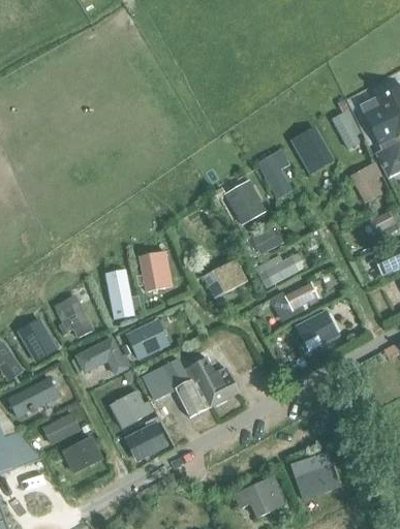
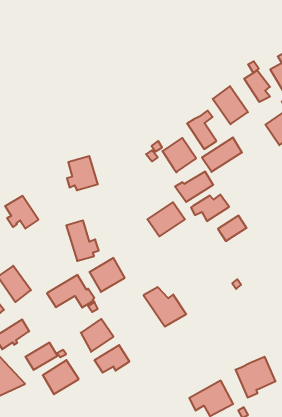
building: none -> [202,137,242,172]
building: [135,251,172,290] -> [67,156,98,190]
building: [56,299,94,338] -> [5,196,38,229]
building: [294,309,339,351] -> none
building: [142,357,207,416] -> none

